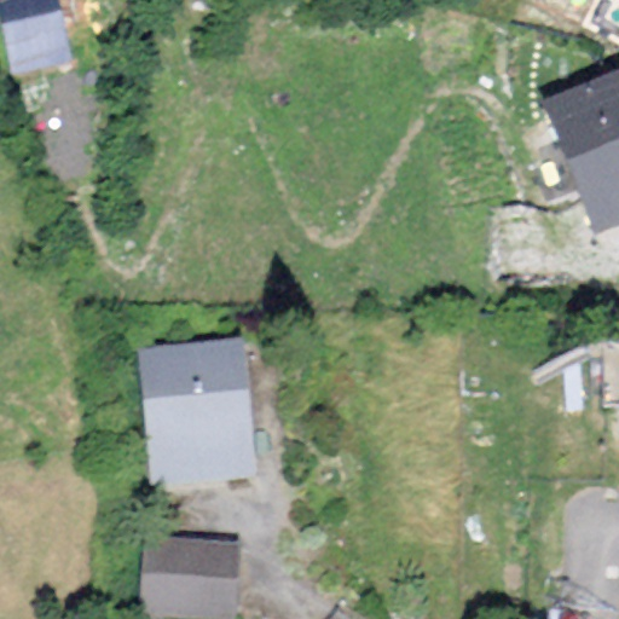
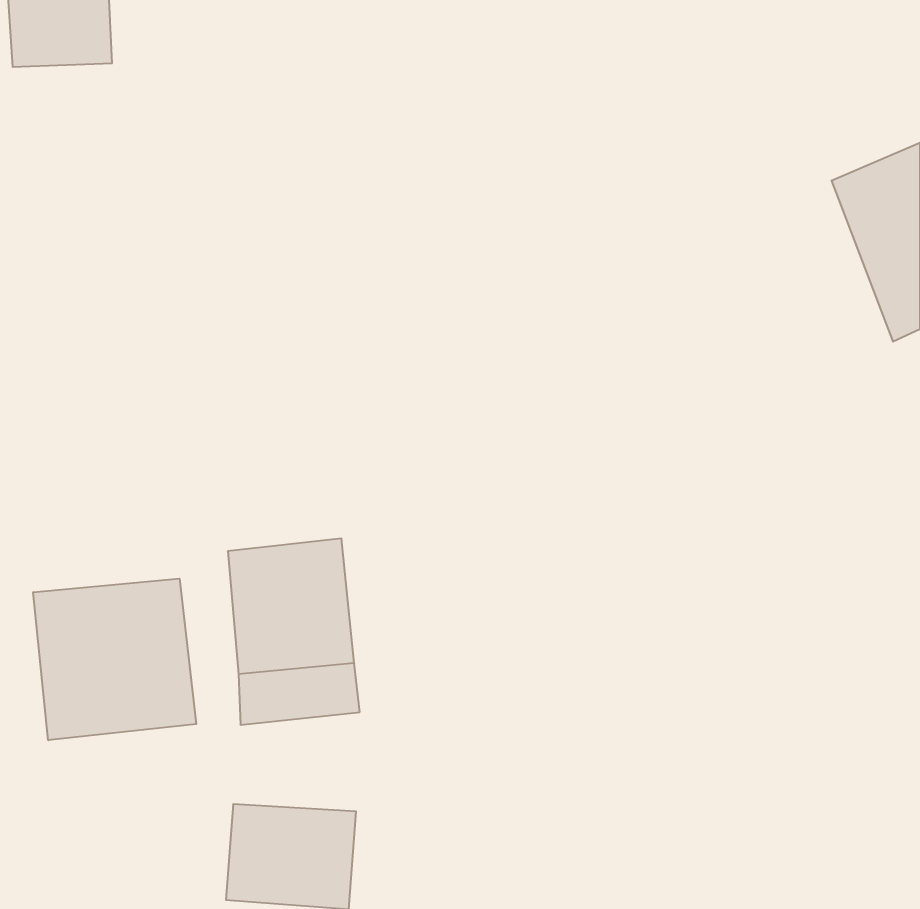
building: none -> [33,579,196,740]

